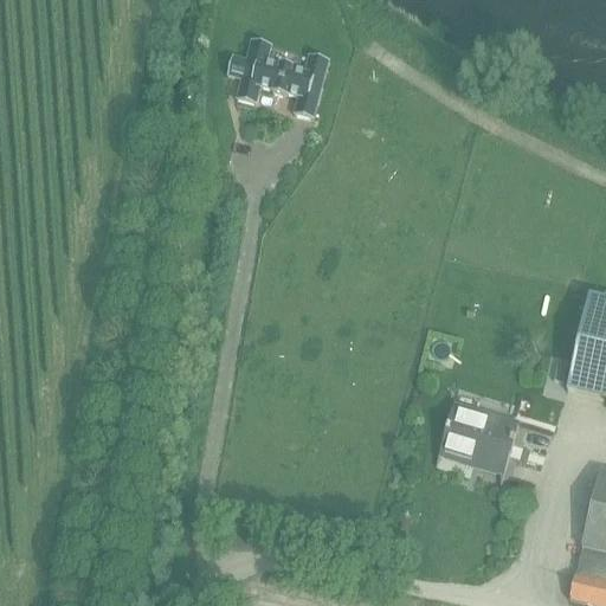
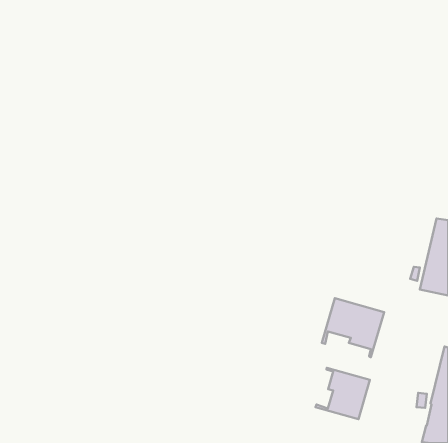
building: [227,37,329,117] -> none
building: none -> [315,368,370,419]

